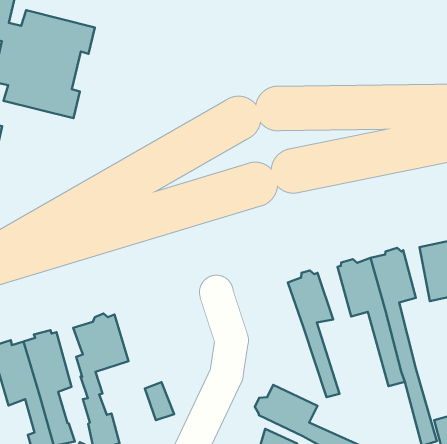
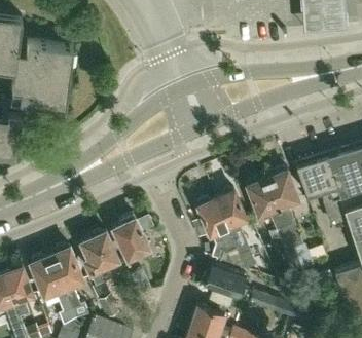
building: none -> [196,198,248,271]
building: none -> [112,215,150,259]

